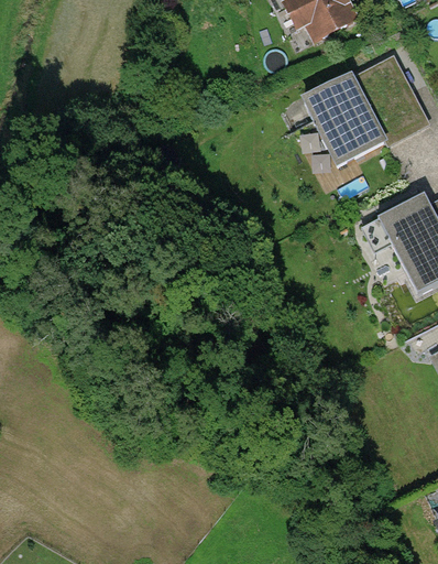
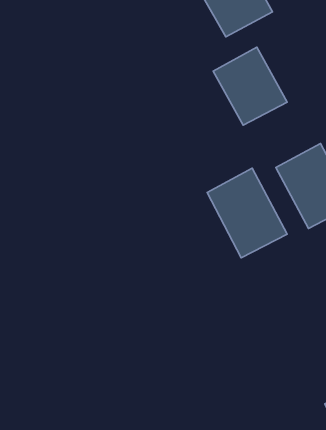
building: none -> [207,168,287,258]

